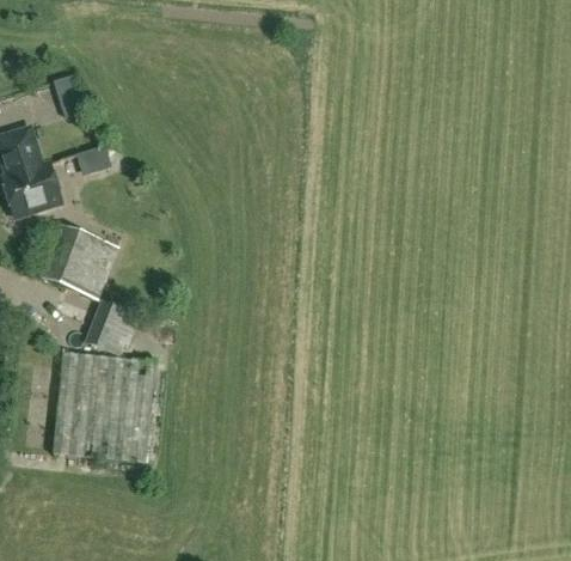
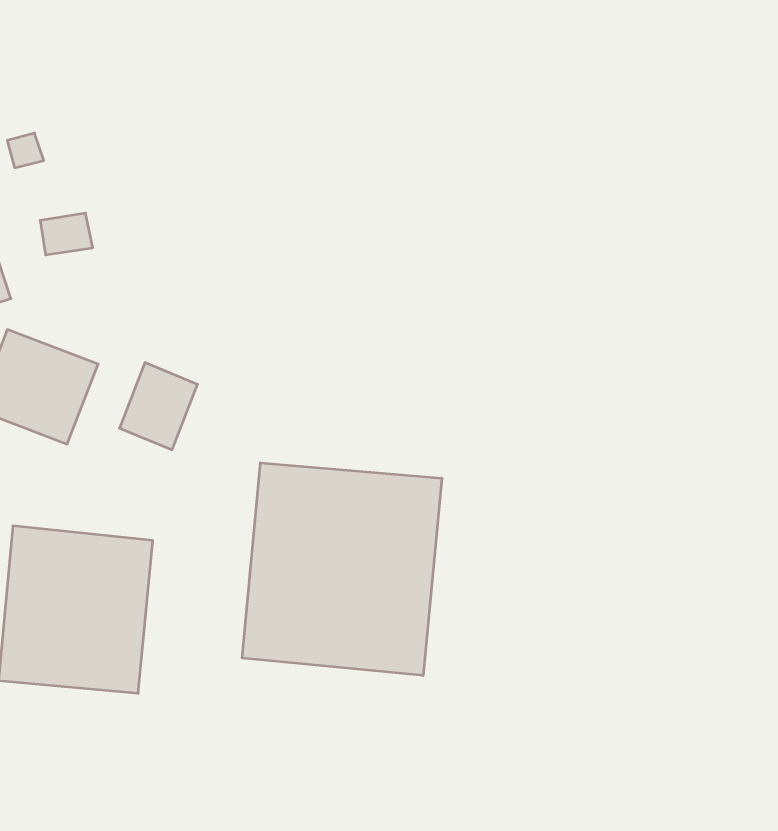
building: [84,298,135,355] -> [119,363,198,450]
building: none -> [242,463,442,676]

